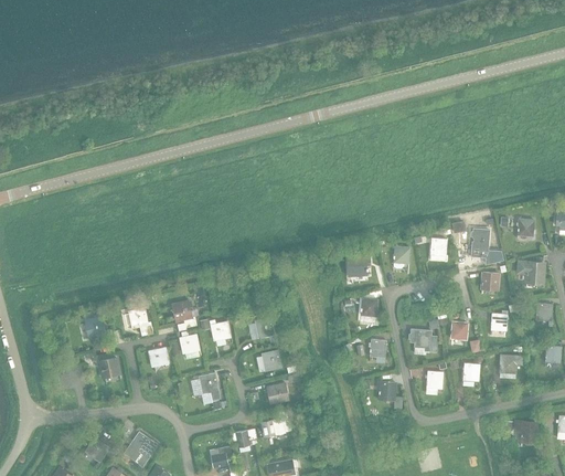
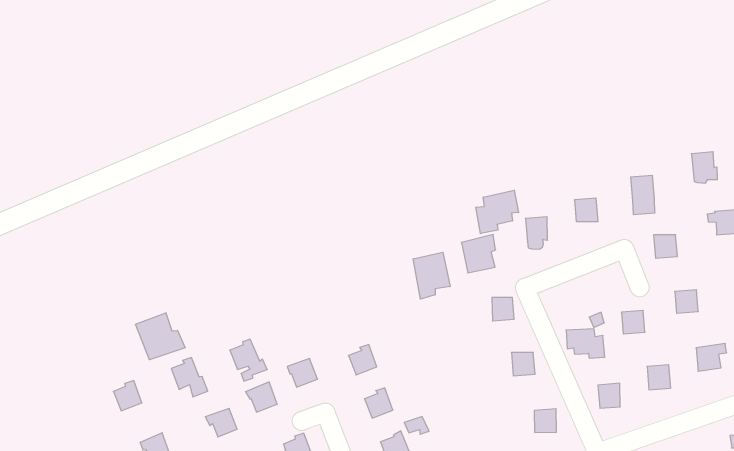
building: none -> [476,190,519,234]
building: none -> [413,252,450,299]
building: none -> [136,313,185,360]

